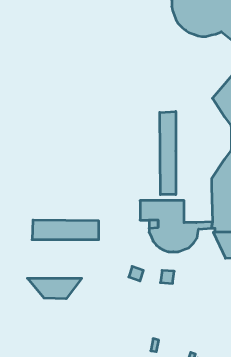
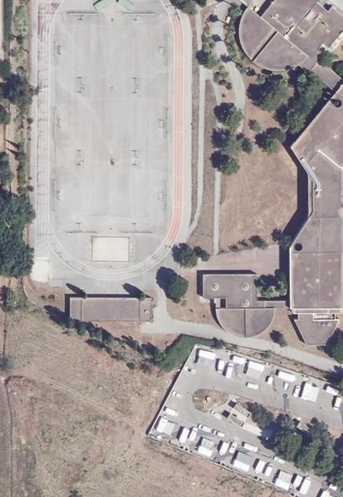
building: [160,111,176,195] -> none
building: [27,278,82,299] -> none

